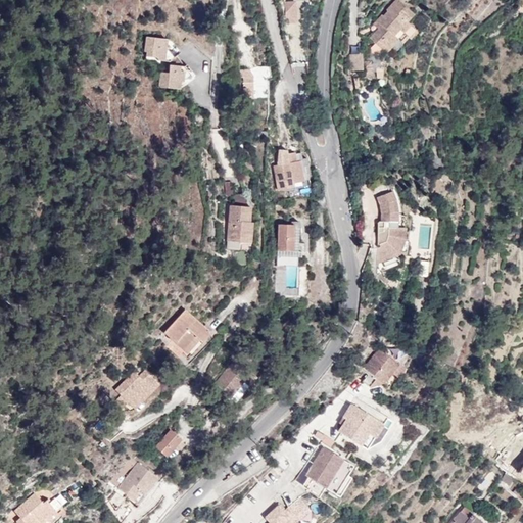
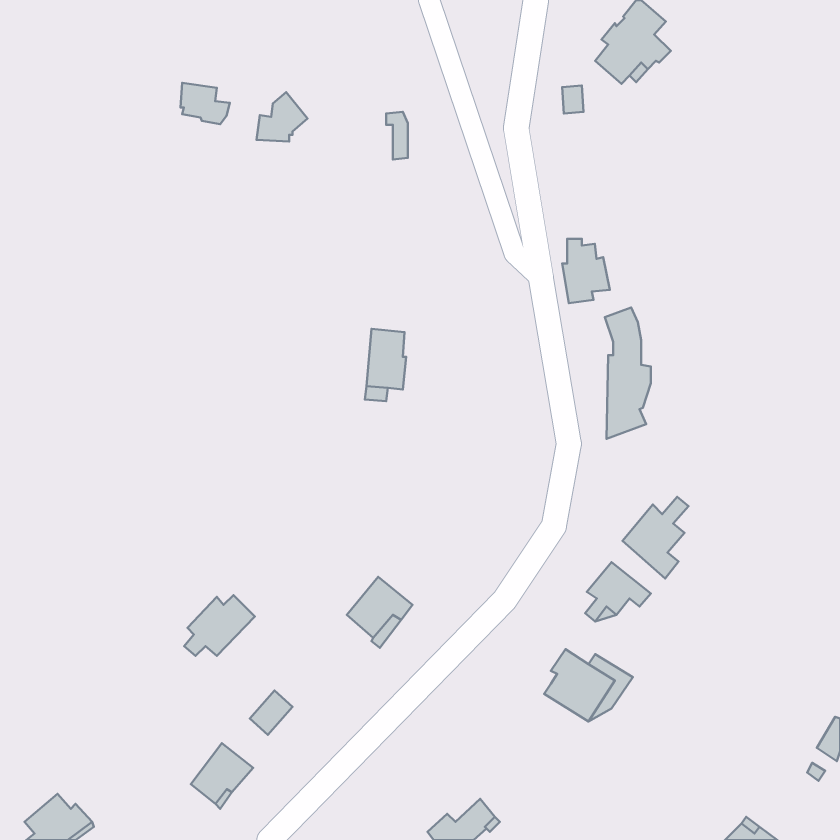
building: [145,36,176,61] -> [181,83,230,124]
building: [275,149,304,189] -> [562,239,610,303]
building: [278,224,294,250] -> none
building: [164,308,211,353] -> none
building: none -> [622,497,688,578]
building: [305,446,353,493] -> none

